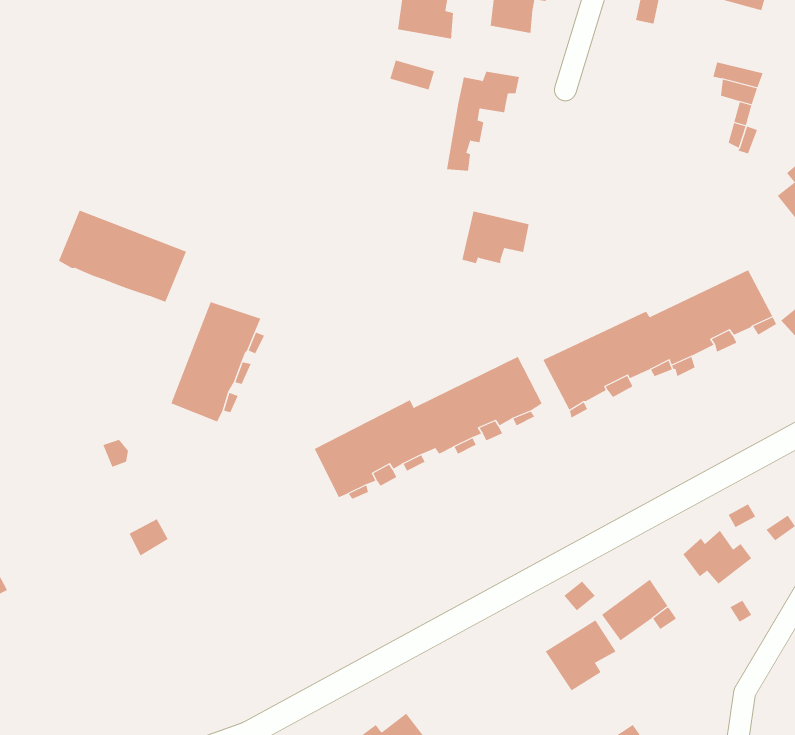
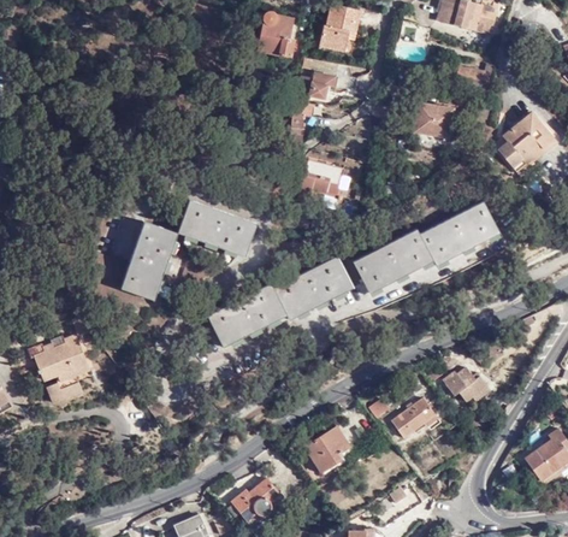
building: none -> [416,102,455,138]
building: [58,210,187,302] -> [174,199,256,258]
building: none -> [31,330,87,395]
building: [545,619,617,691] -> [306,431,351,477]

